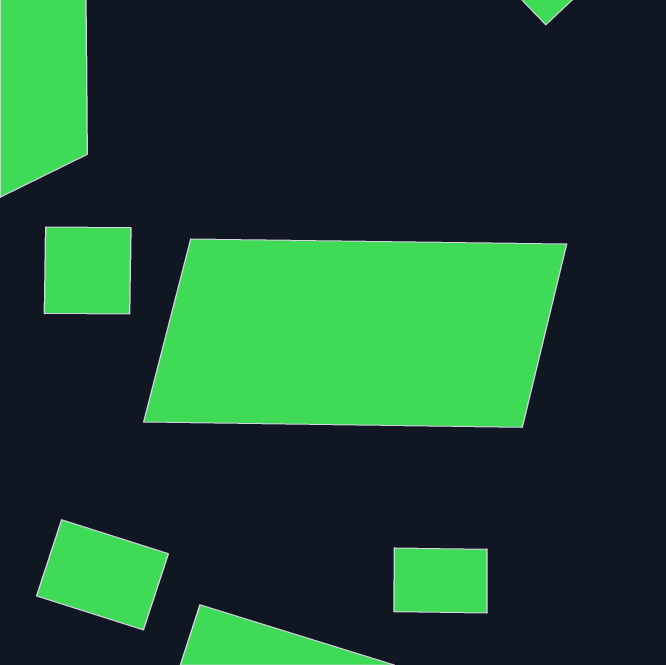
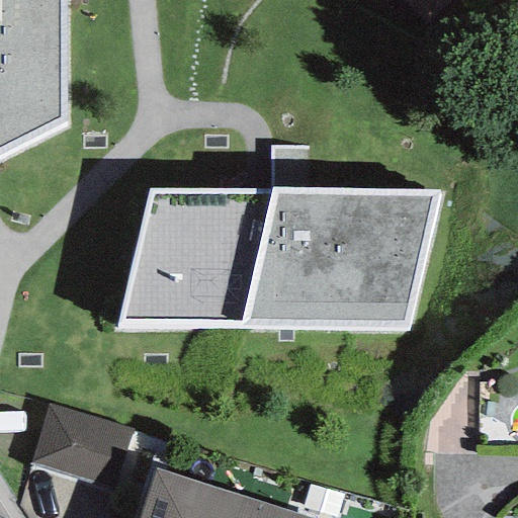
building: [45,227,131,314] -> none
building: [394,548,487,613] -> none

